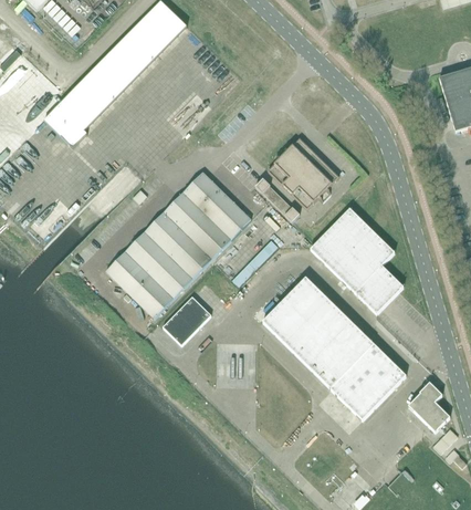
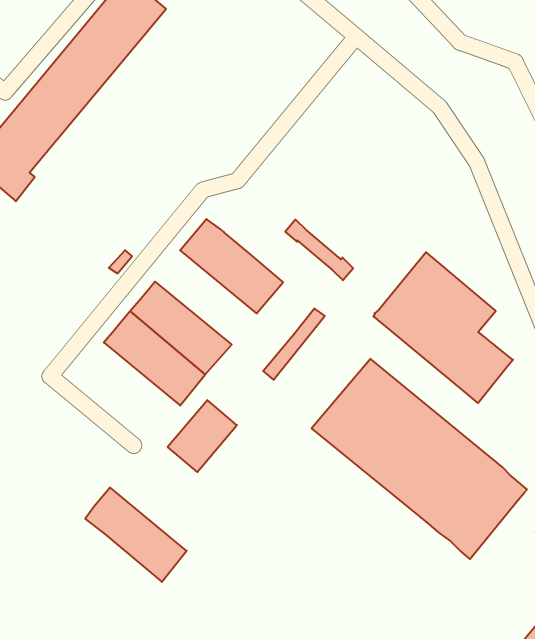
building: [266,137,338,208] -> none
building: [163,191,230,259] -> none
building: [105,250,172,318] -> [85,488,187,582]

